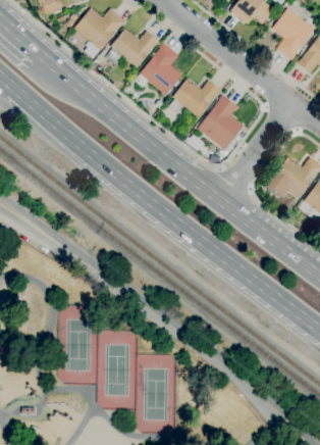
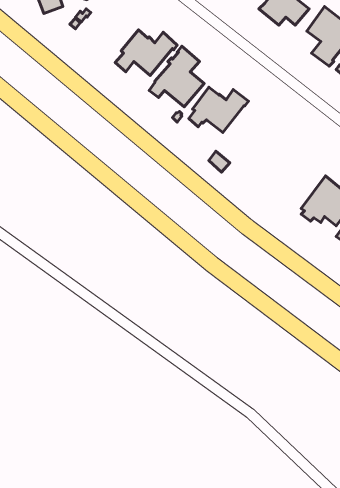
building: [74,7,126,58] -> none
building: [197,94,243,149] -> none

